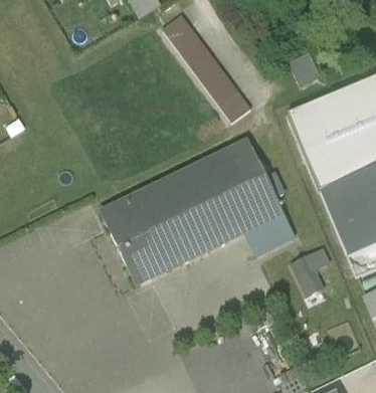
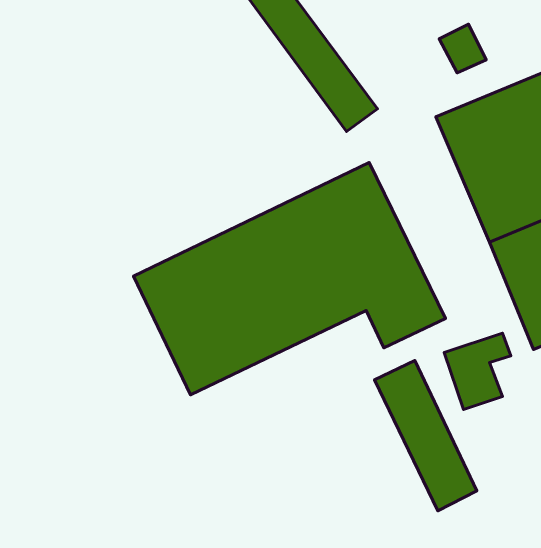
building: none -> [374,360,477,511]

